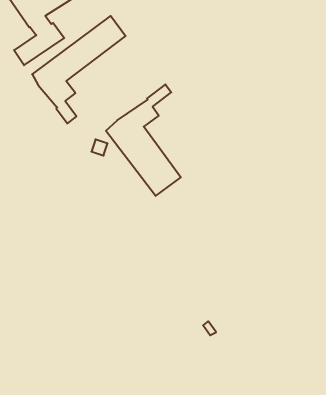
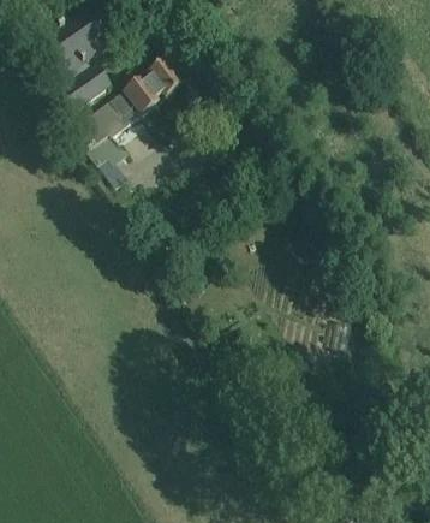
building: [106,84,181,196] -> none

